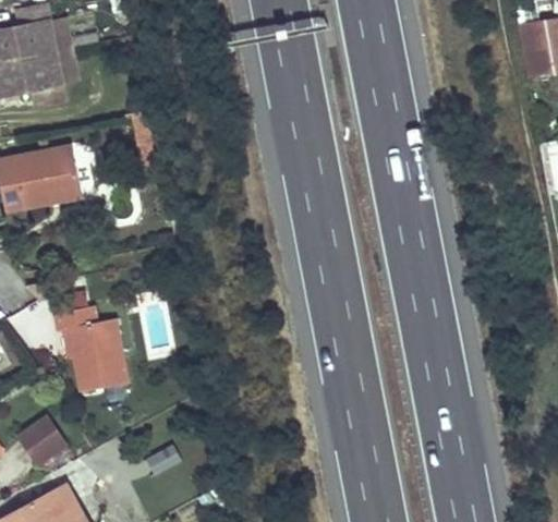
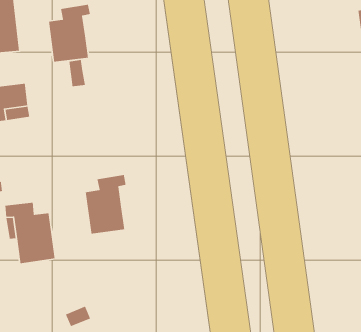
building: none -> [48,4,91,63]
building: none -> [85,174,127,234]

